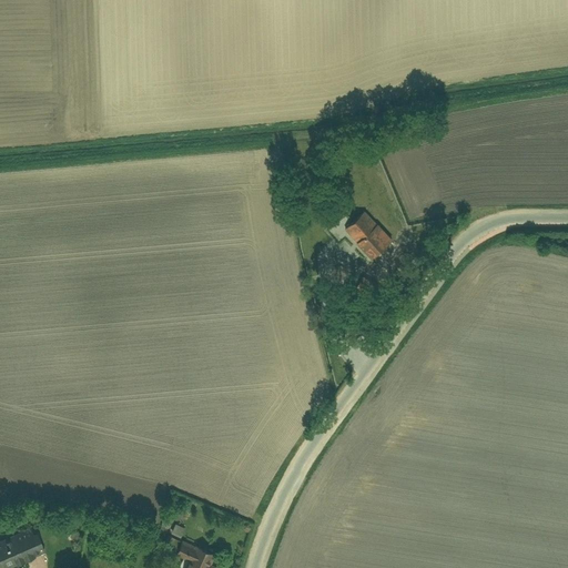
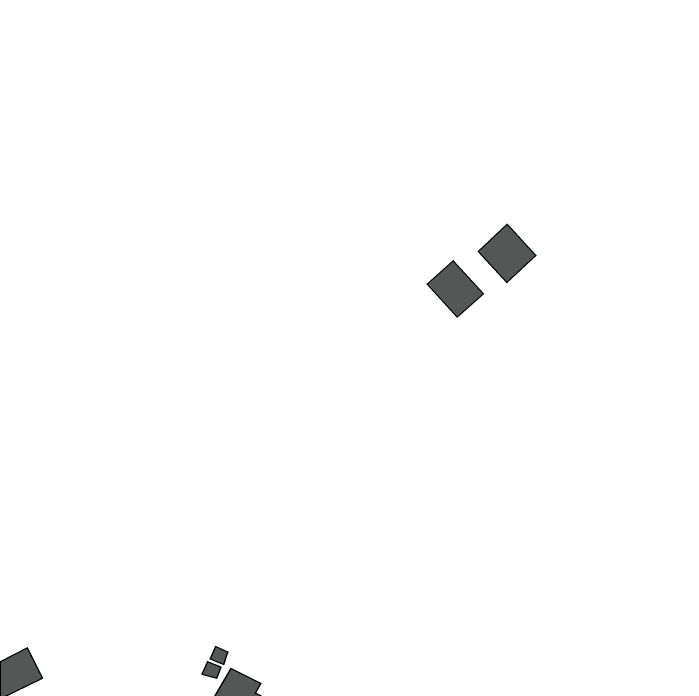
building: none -> [478,224,536,283]

